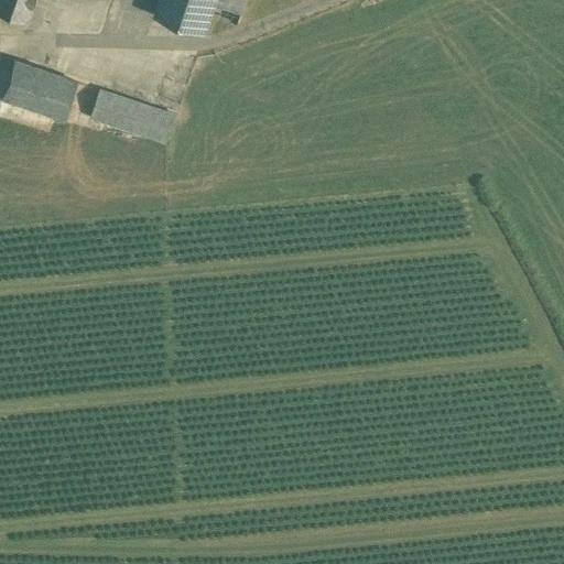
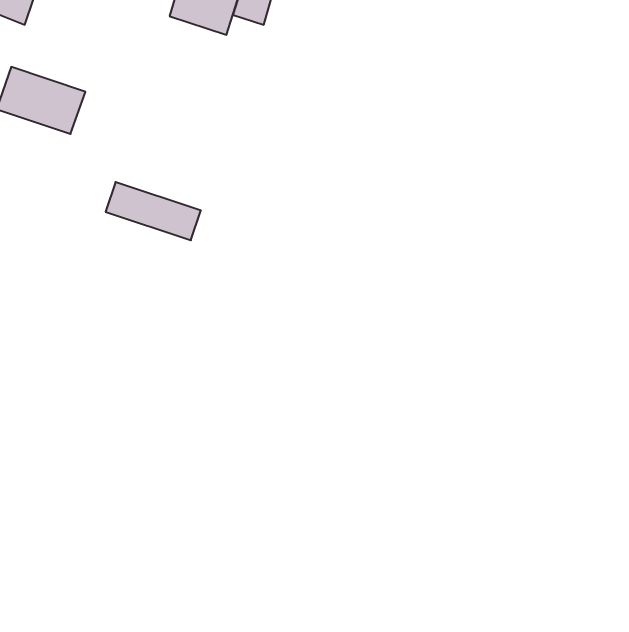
building: [88,88,173,140] -> [106,182,201,240]

